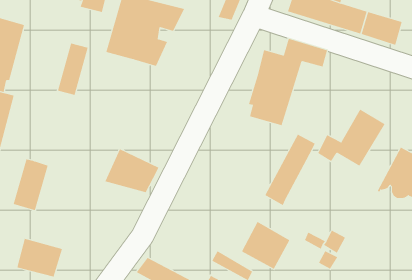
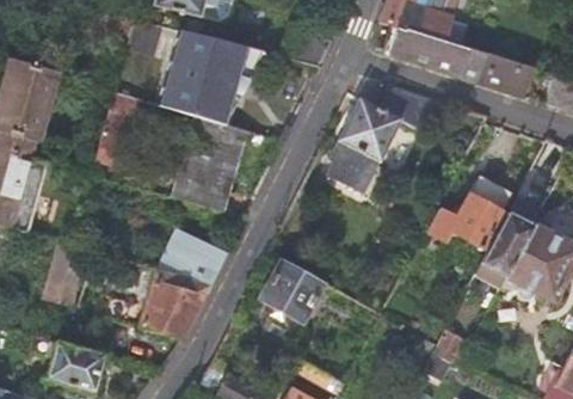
building: none -> [172,115,245,210]
building: [264,134,315,206] -> [474,198,538,289]
building: none -> [137,268,210,338]
building: [241,221,290,269] -> [261,258,324,319]

